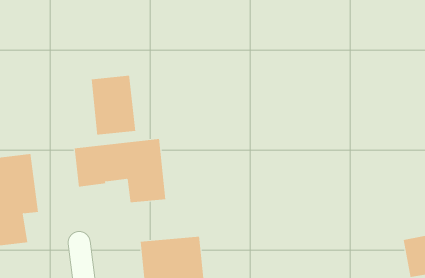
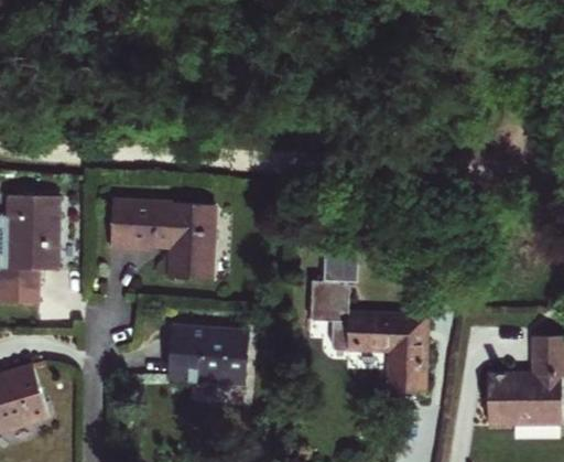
building: [91,75,136,135] -> none
building: none -> [311,276,423,391]

